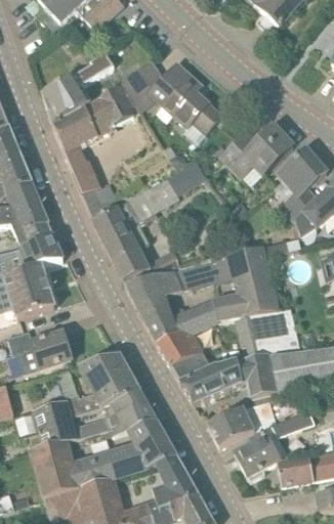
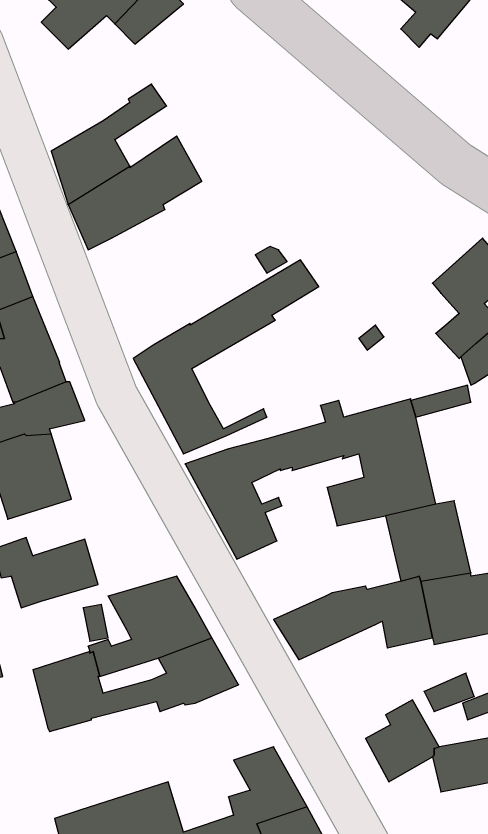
building: [121,59,221,133] -> none
building: [218,124,294,185] -> none
building: [71,160,106,220] -> none
building: [157,299,218,380] -> none
building: [209,399,274,447] -> none
building: [30,420,179,501] -> none

